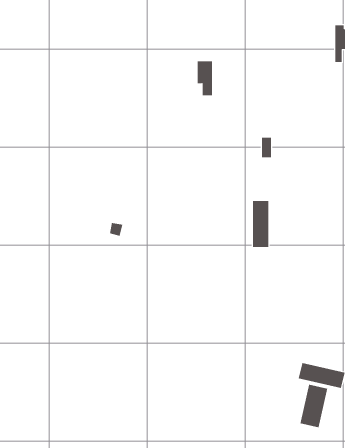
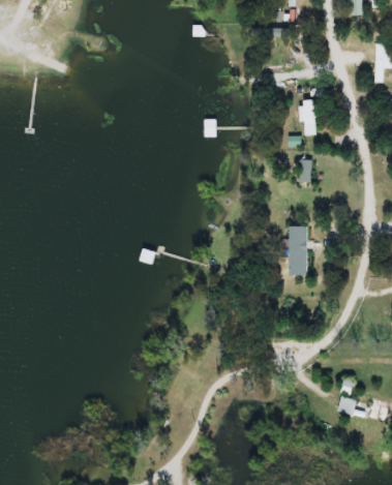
building: [197,61,213,96] -> [298,99,314,135]
building: [300,384,328,428] -> none

